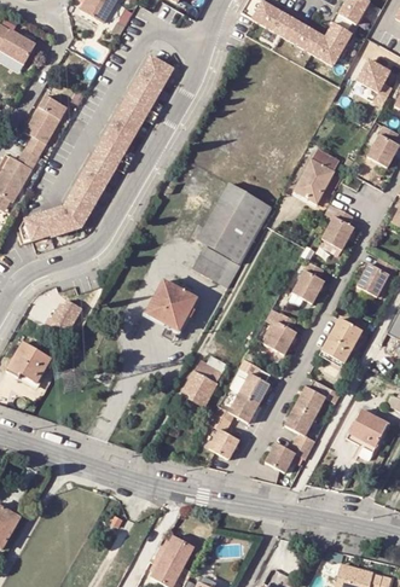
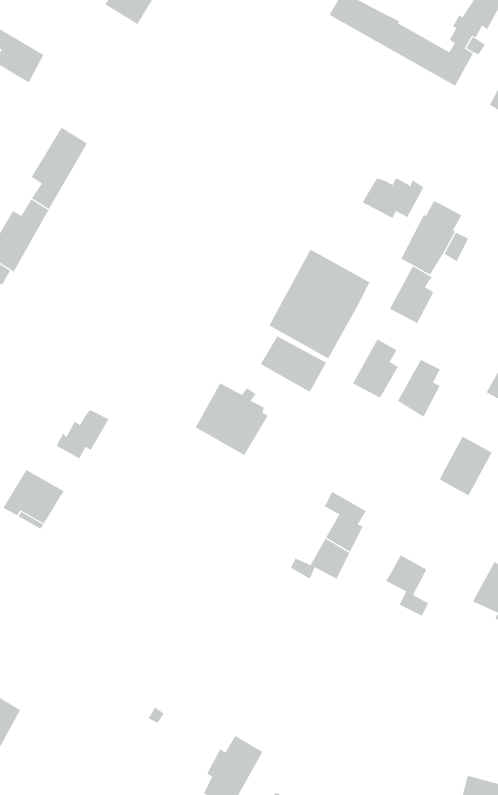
building: [18,56,172,243] -> none
building: none -> [362,177,424,219]
building: [319,209,352,251] -> [389,265,434,324]
building: [261,313,295,356] -> [352,338,399,399]
building: [181,356,225,413] -> none
building: [292,379,337,415] -> none
building: [208,414,237,458] -> none
building: [263,441,308,471] -> none

